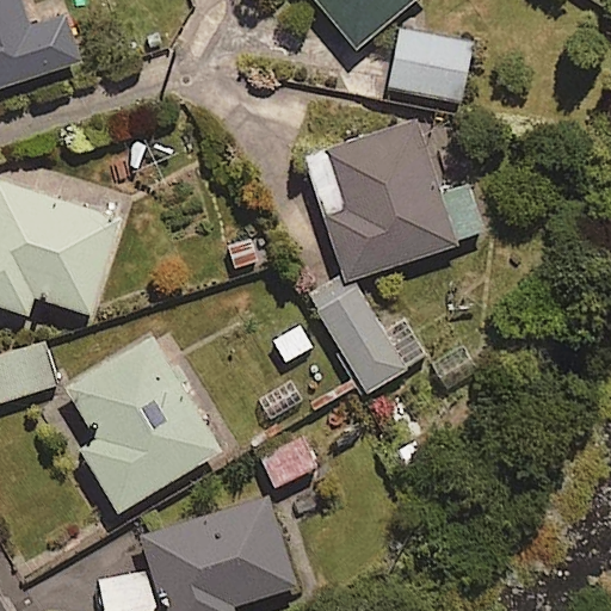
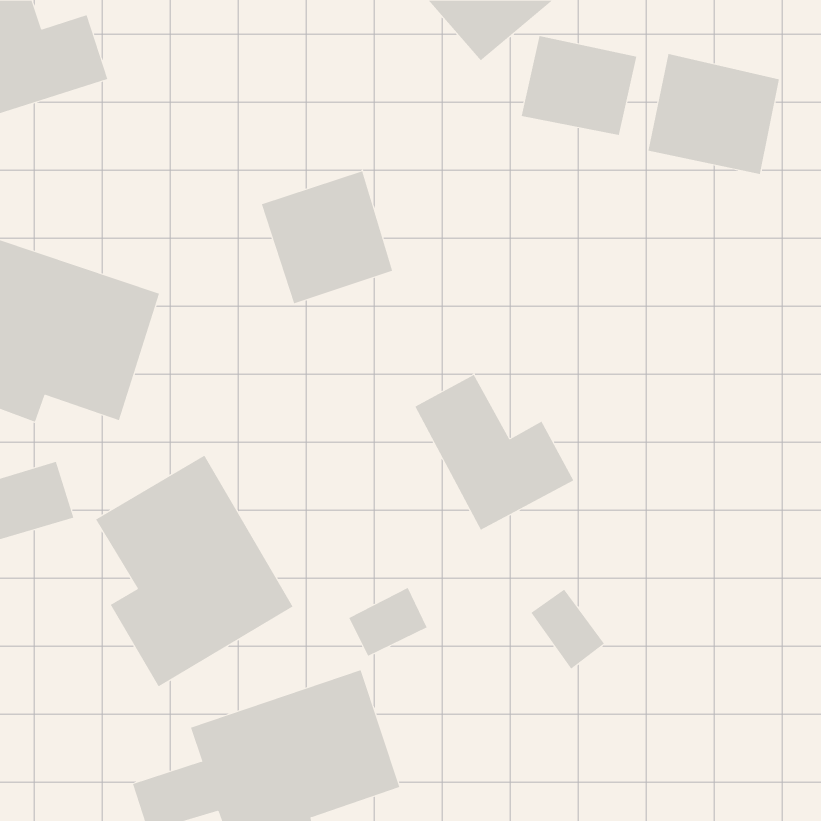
building: none -> [648,53,779,175]
building: [304,119,485,279] -> none
building: none -> [261,170,393,304]

